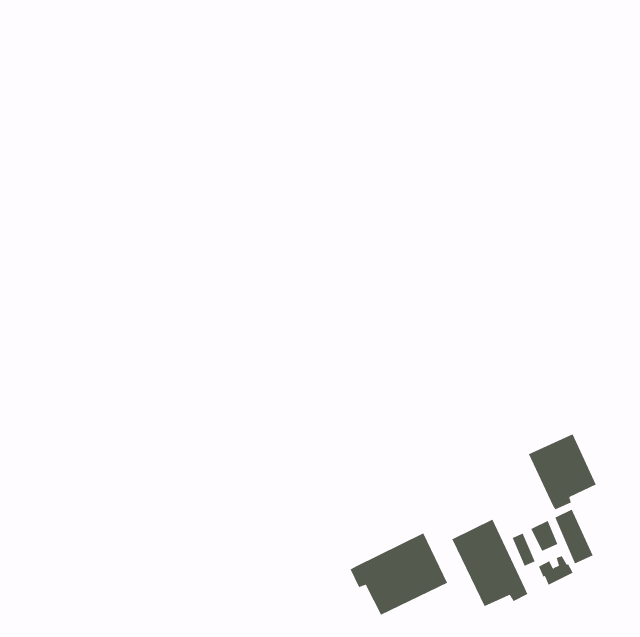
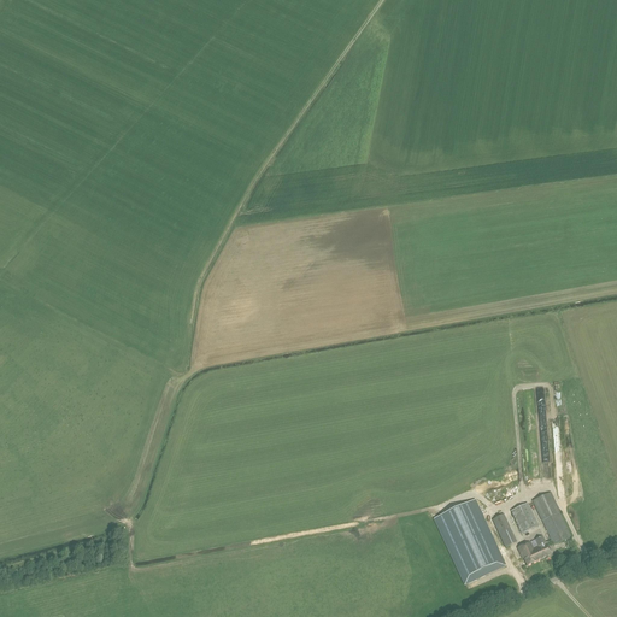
building: [528,434,596,510] -> none
building: [350,532,448,616] -> none

